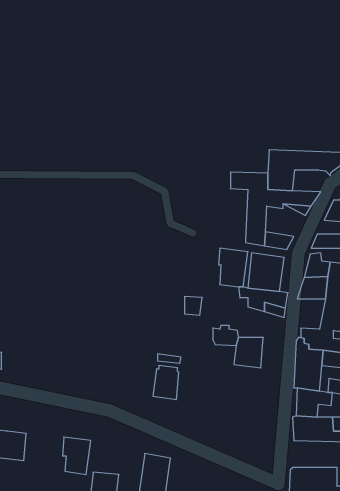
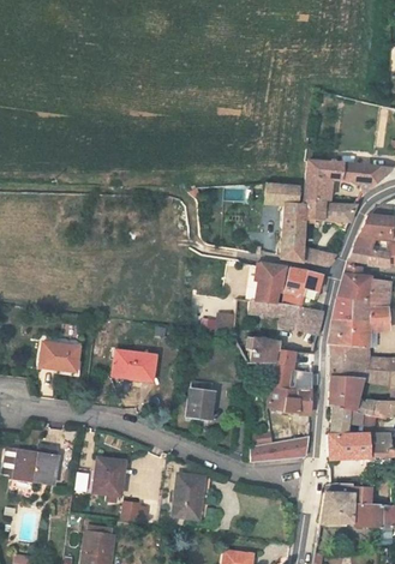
building: none -> [335,316,364,347]
building: none -> [38,341,77,371]
building: none -> [113,349,154,379]
building: none -> [267,383,316,415]
building: none -> [246,437,312,458]

